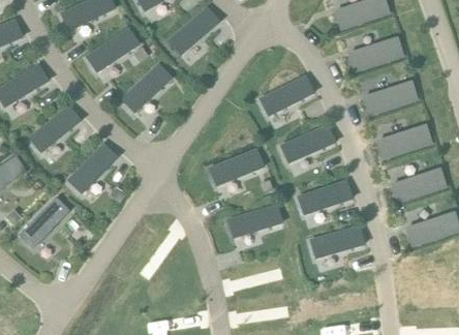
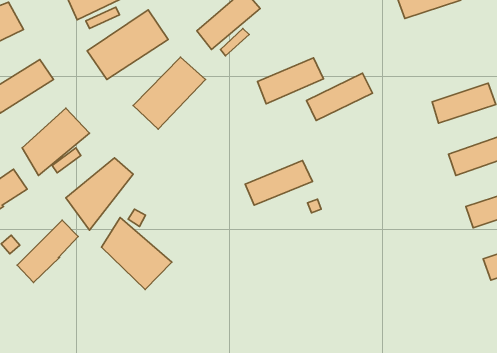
building: [349,38,402,71] -> none
building: [281,123,336,161] -> [257,58,323,104]
building: [298,178,354,213] -> none
building: none -> [101,217,172,289]
building: [227,203,283,236] -> none
building: [310,223,366,256] -> none

